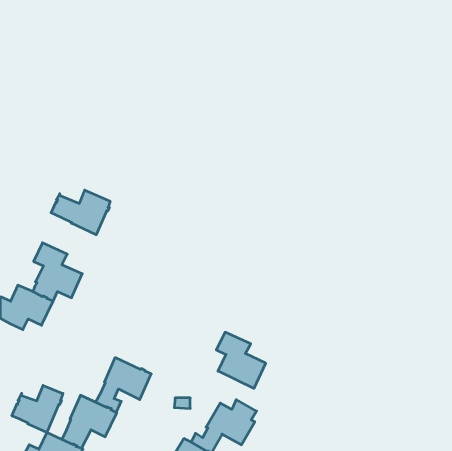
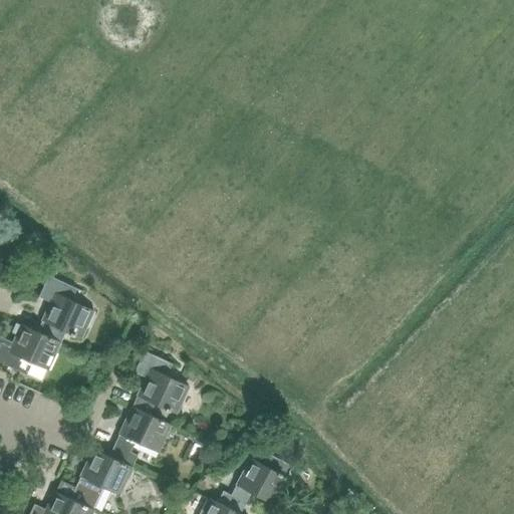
building: [51,190,110,235] -> none
building: [216,332,266,388] -> [134,352,190,416]
building: [12,385,63,432] -> none

